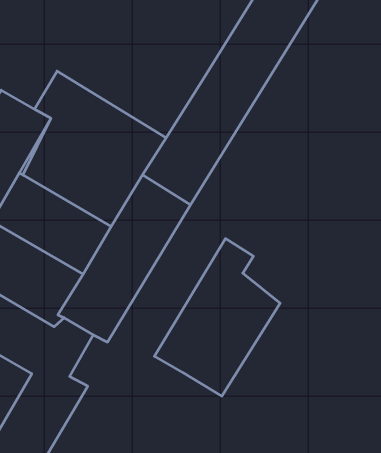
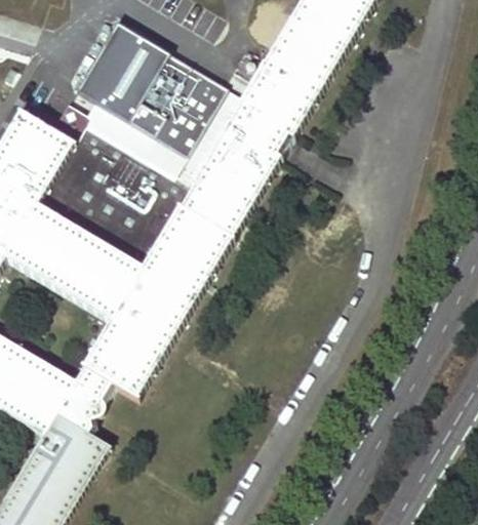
building: none -> [73,21,239,163]
building: [154,239,280,396] -> none

